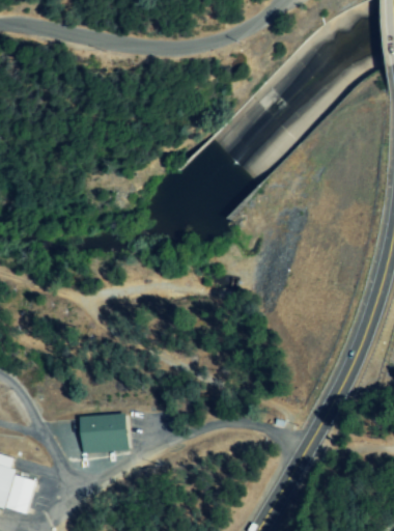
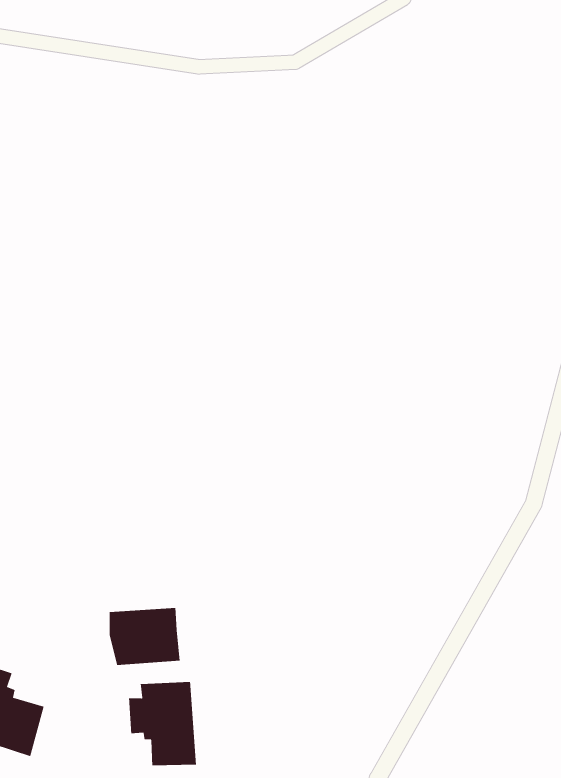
building: none -> [128,681,196,766]

